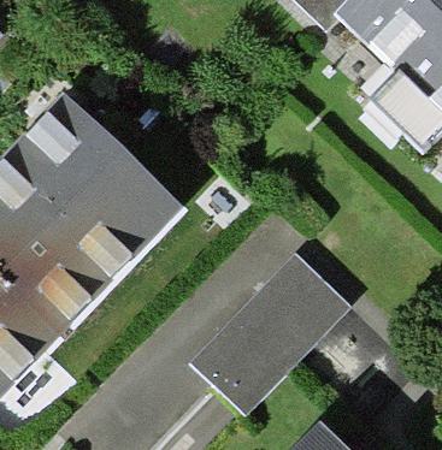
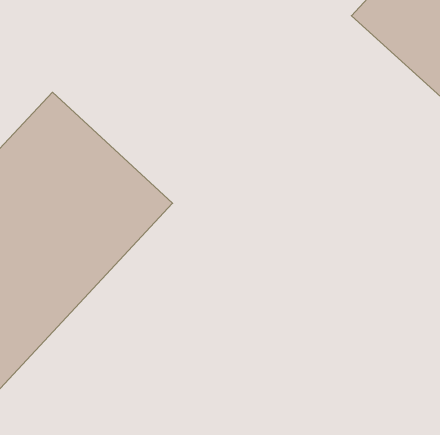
building: [194,250,349,407] -> none

